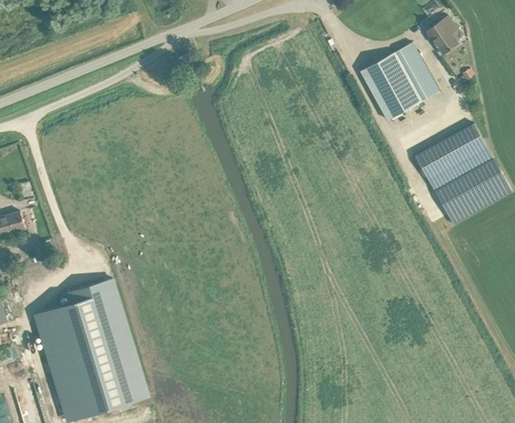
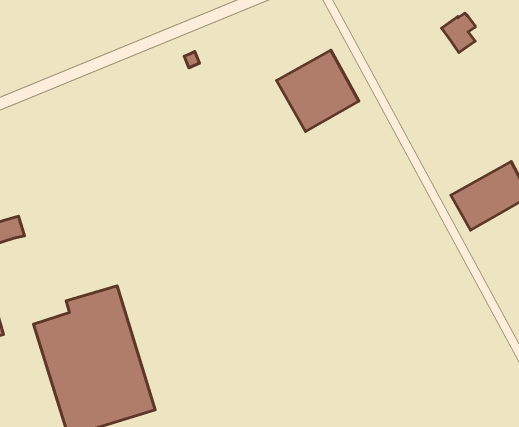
building: [359,42,438,120] -> [276,50,359,131]
building: [415,124,492,191] -> none

